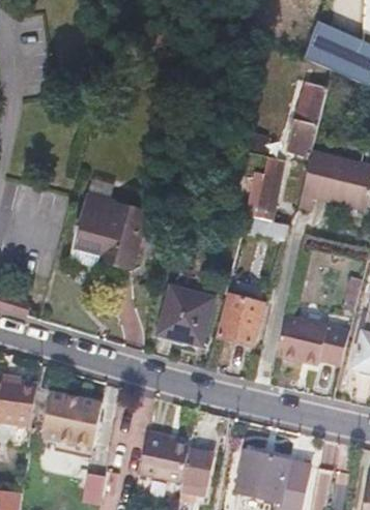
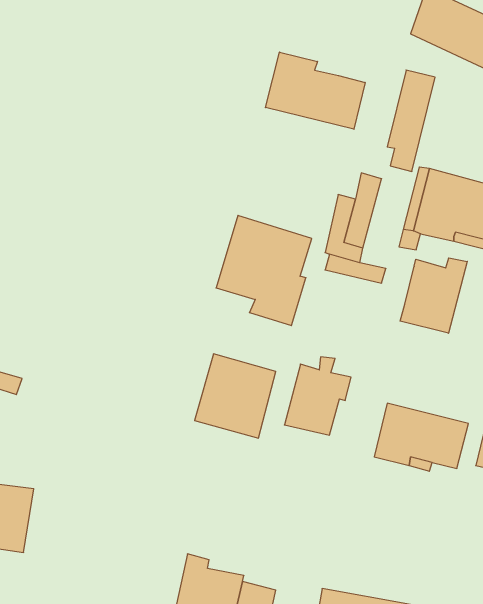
building: none -> [265,52,365,129]
building: [77,192,145,271] -> [216,215,312,326]
building: none -> [400,258,467,333]
building: [38,389,101,446] -> none

